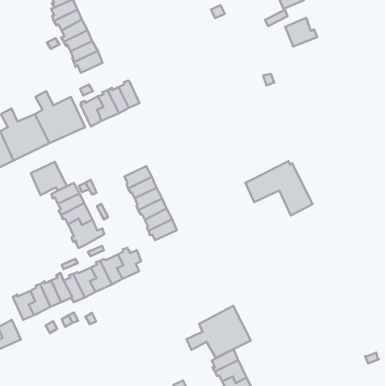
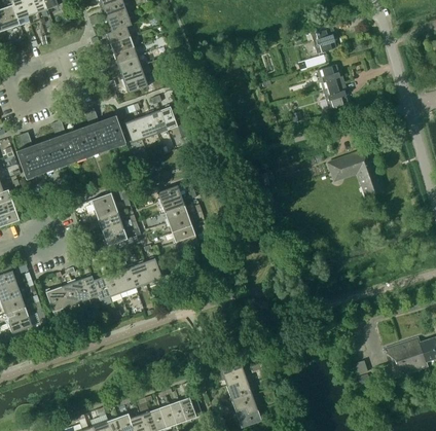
building: none -> [322,83,348,109]
building: [245,161,312,216] -> [327,148,386,197]
building: [31,162,67,195] -> none
building: [186,306,251,358] -> none

